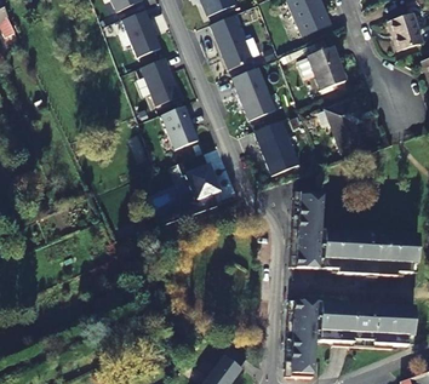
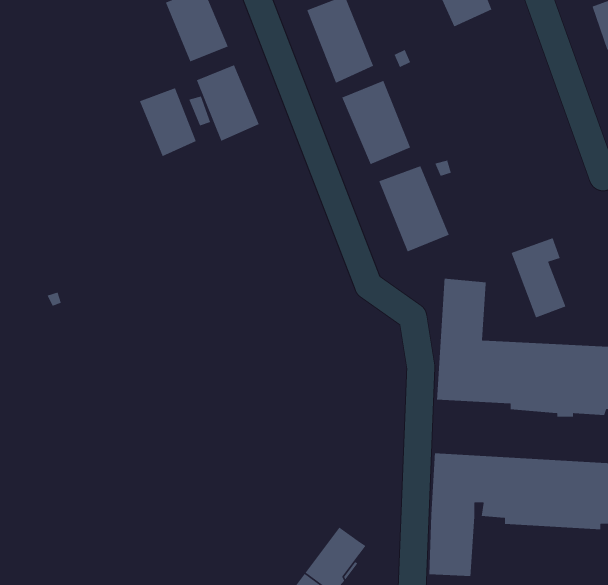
building: [298,46,344,88] -> none
building: [326,101,361,151] -> [510,237,567,319]
building: [161,107,198,150] -> [139,87,197,157]
building: [178,154,219,200] -> none

